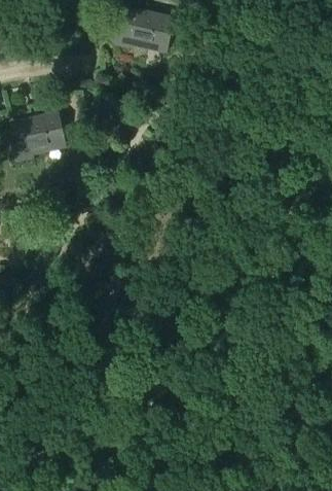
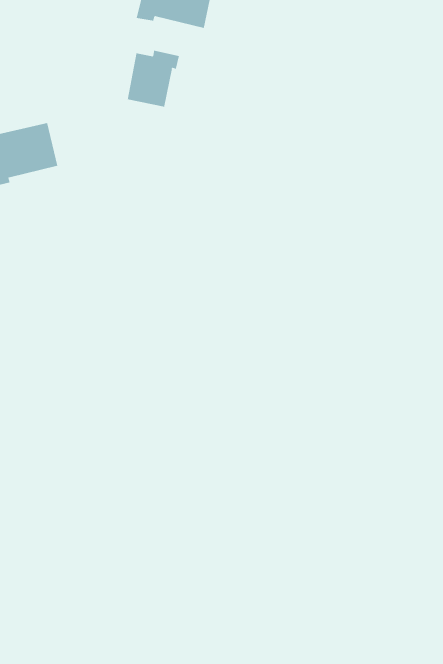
building: none -> [127,50,179,108]

